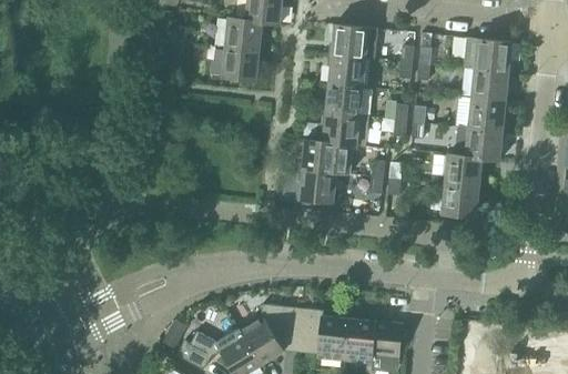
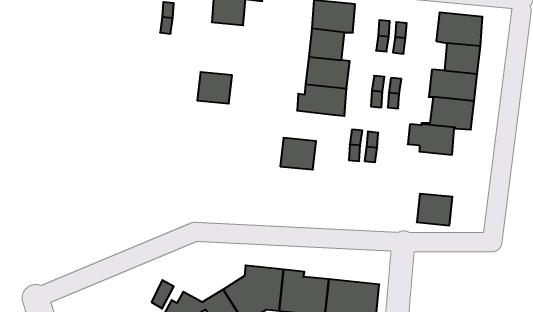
building: [222,48,258,81] -> [197,72,232,104]
building: [301,140,354,174] -> none
building: [440,184,478,218] -> [417,194,453,225]

